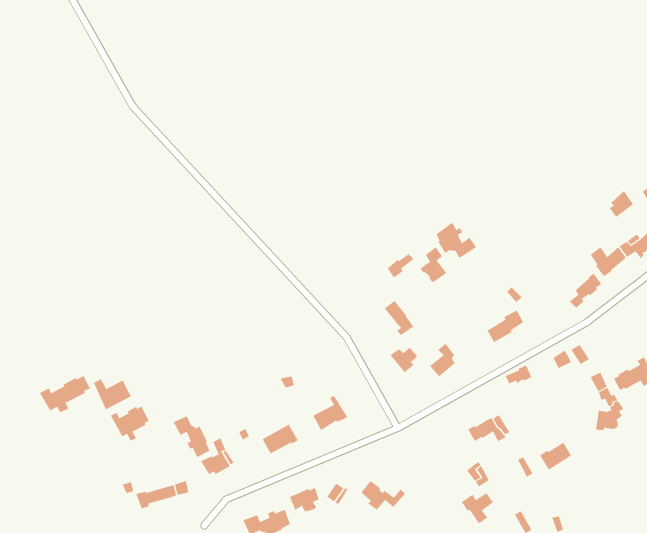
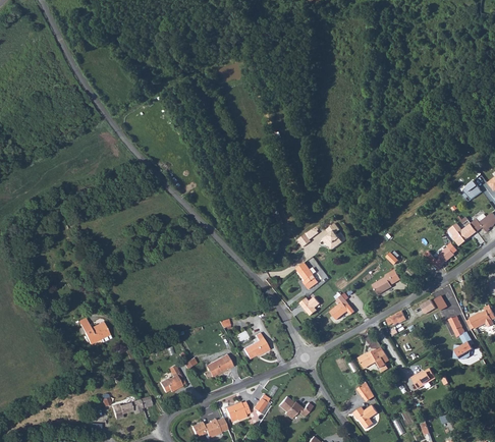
building: [436,222,477,259] -> none
building: [39,375,91,413] -> none
building: [110,405,150,441] -> none
building: [173,416,210,458] -> none

